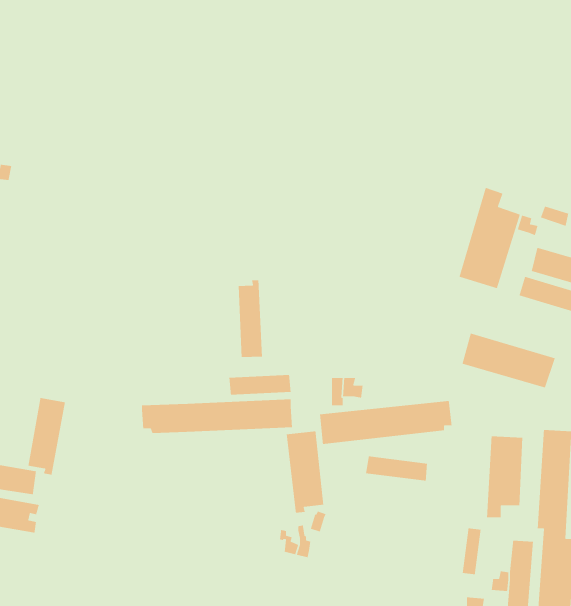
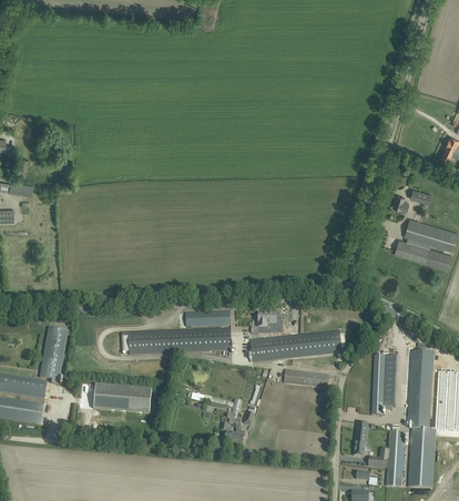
building: [458,187,521,289] -> none
building: [238,280,263,358] -> none
building: [462,332,556,389] -> none
building: [286,431,324,514] -> none
building: none -> [94,384,152,413]

